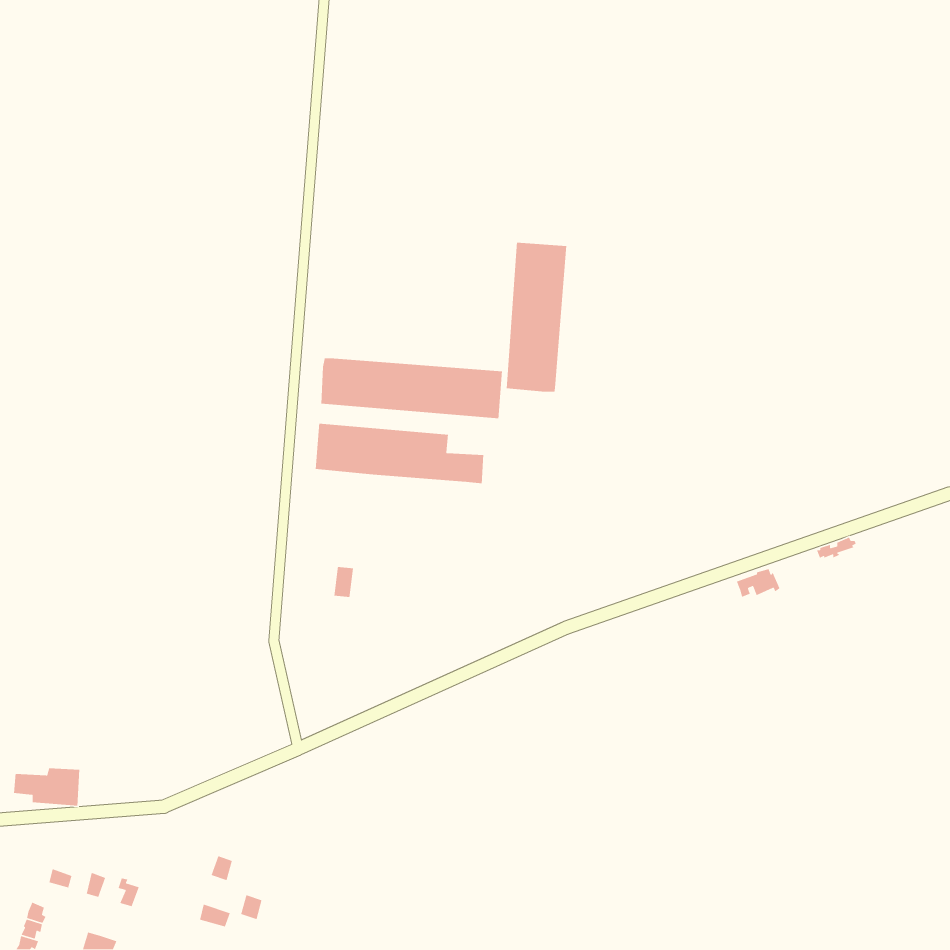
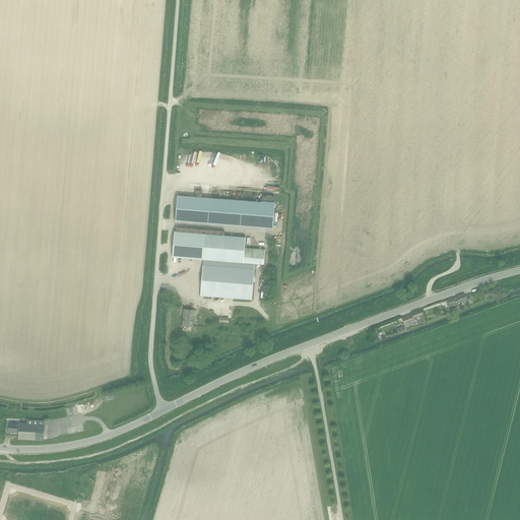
building: [506,242,567,393] -> none
building: none -> [200,259,254,299]

